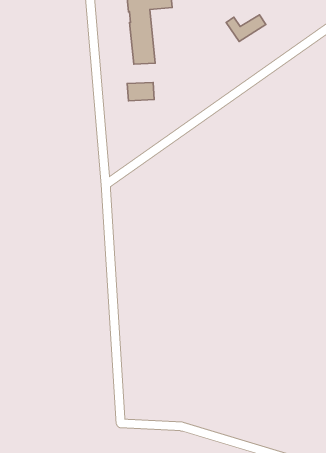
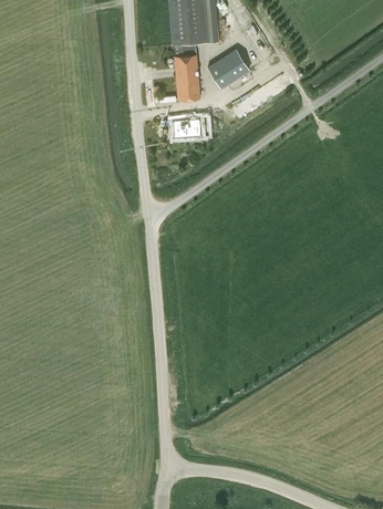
building: [226,15,266,42] -> [208,59,249,86]

